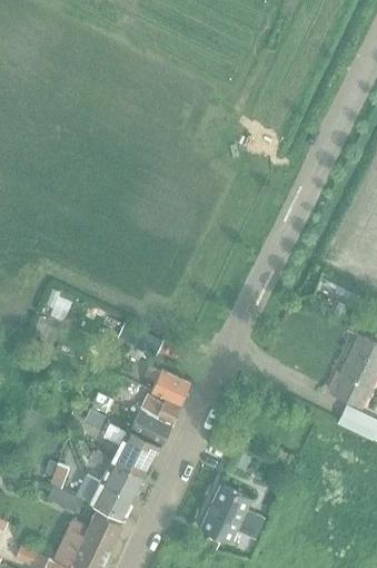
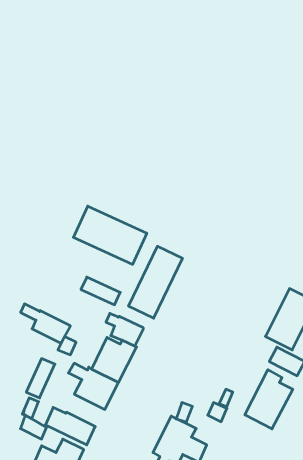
building: none -> [73,206,147,264]
building: none -> [129,246,182,318]
building: none -> [245,370,293,429]
building: [87,452,145,498] -> [21,304,70,343]

